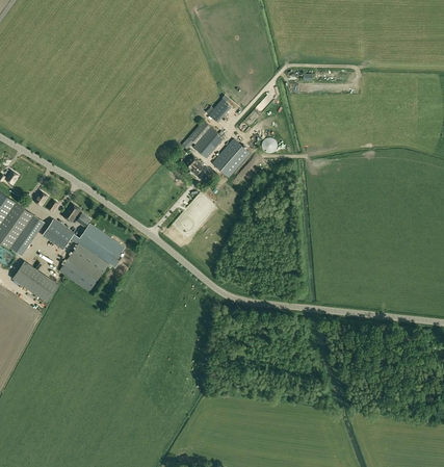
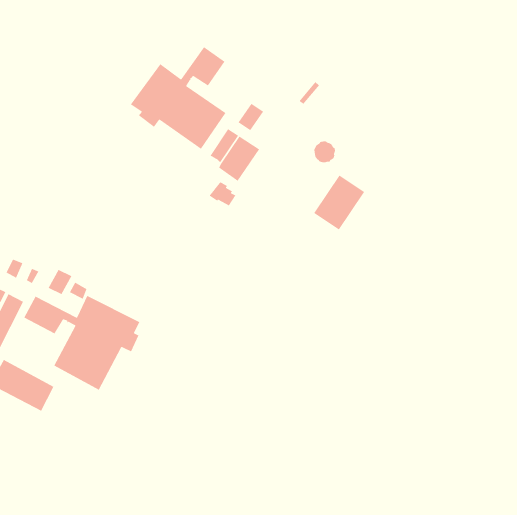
building: none -> [130,46,226,150]
building: [211,138,250,178] -> [313,174,365,231]

